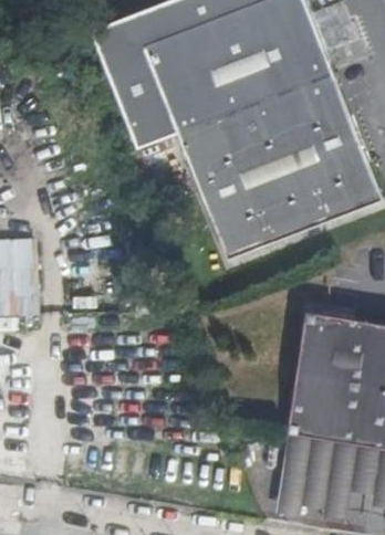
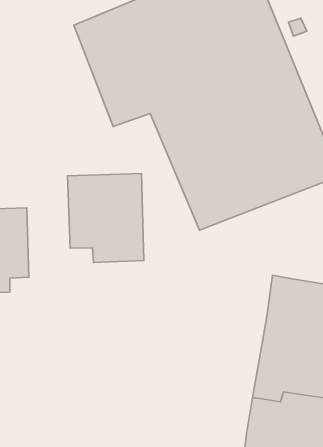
building: none -> [68,173,144,263]

